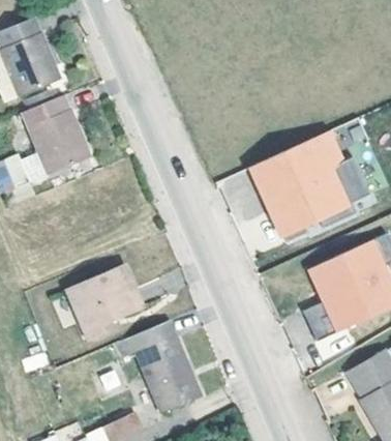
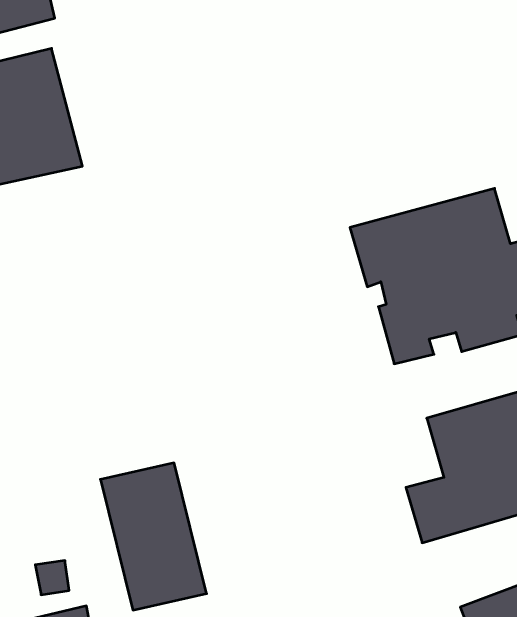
building: [70,262,143,336] -> none

